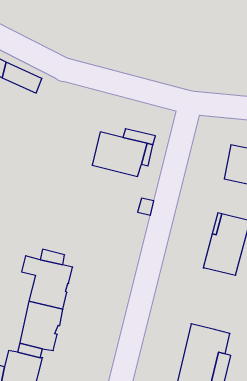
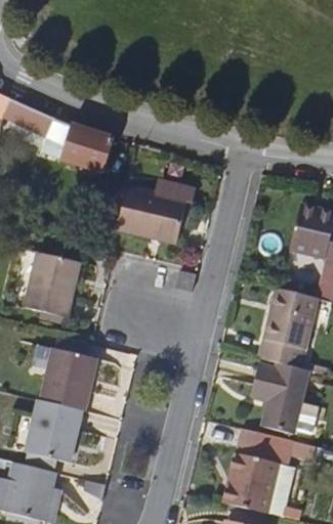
building: none -> [41,119,114,171]
building: none -> [26,253,80,316]
building: none -> [251,358,306,434]

